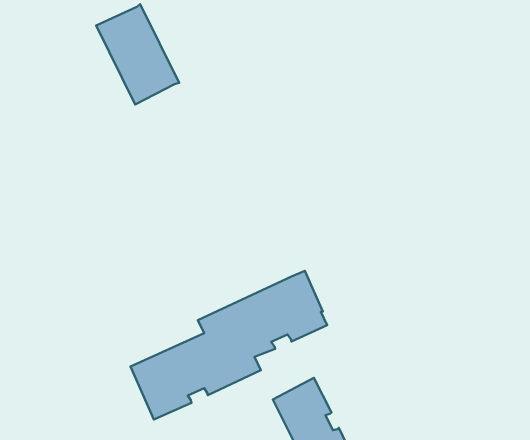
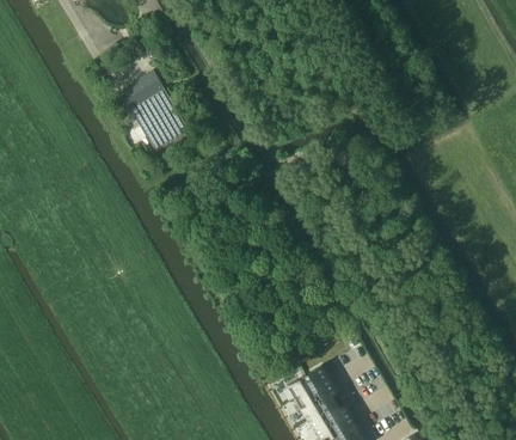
building: [131,271,327,419] -> none

